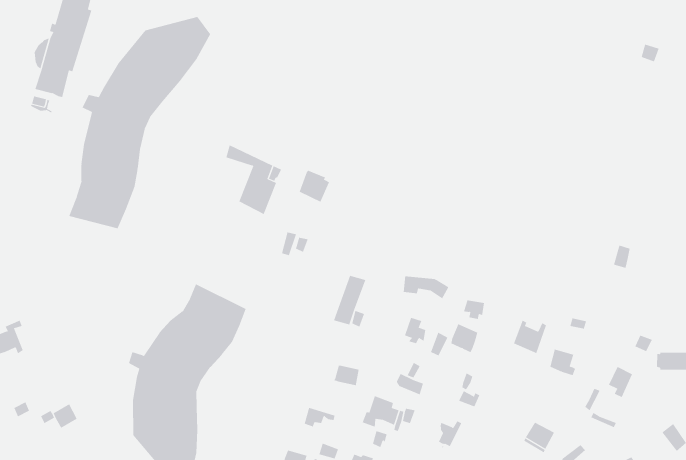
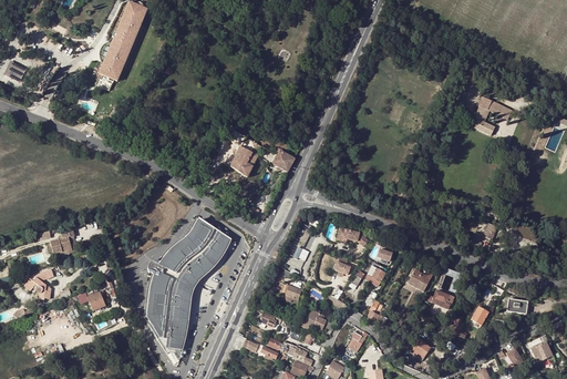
building: [68,16,211,229] -> none
building: none -> [473,96,512,135]

